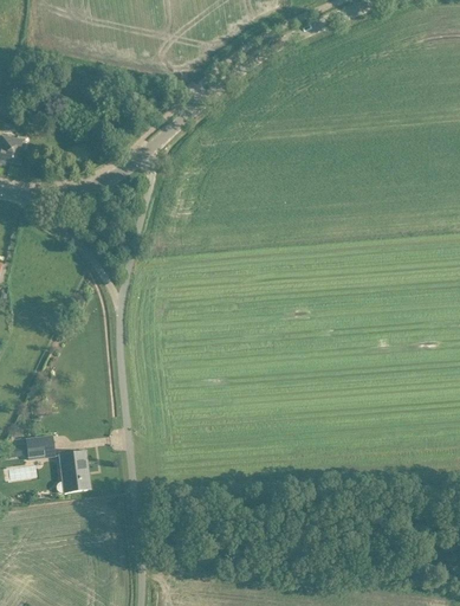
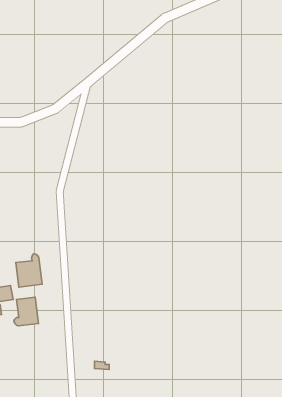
building: none -> [16,254,42,287]

